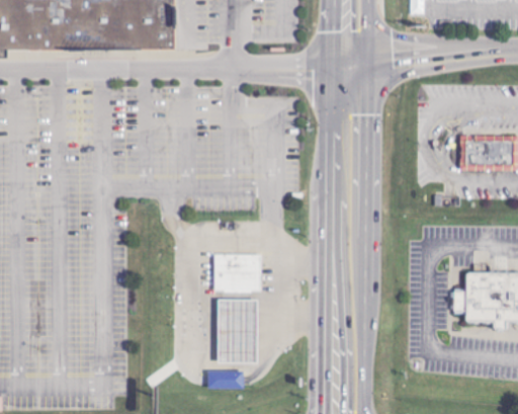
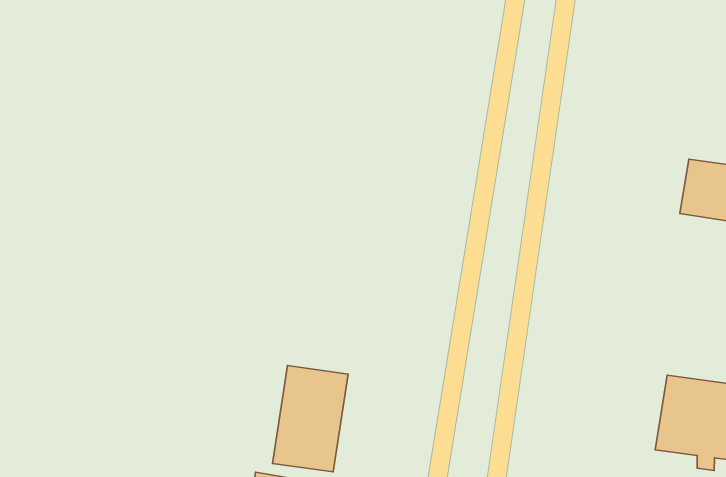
building: [214,254,261,291] -> none

